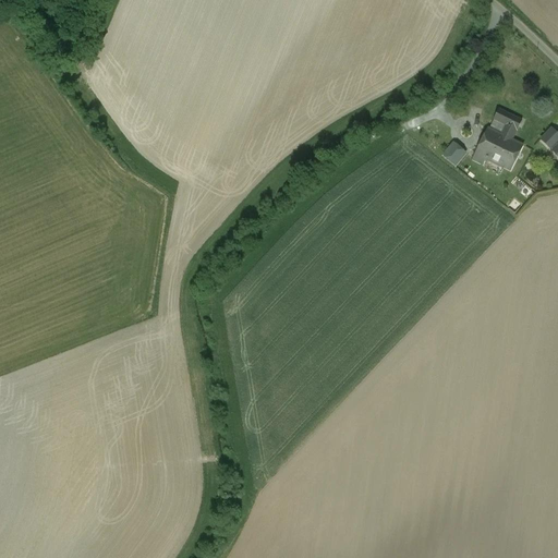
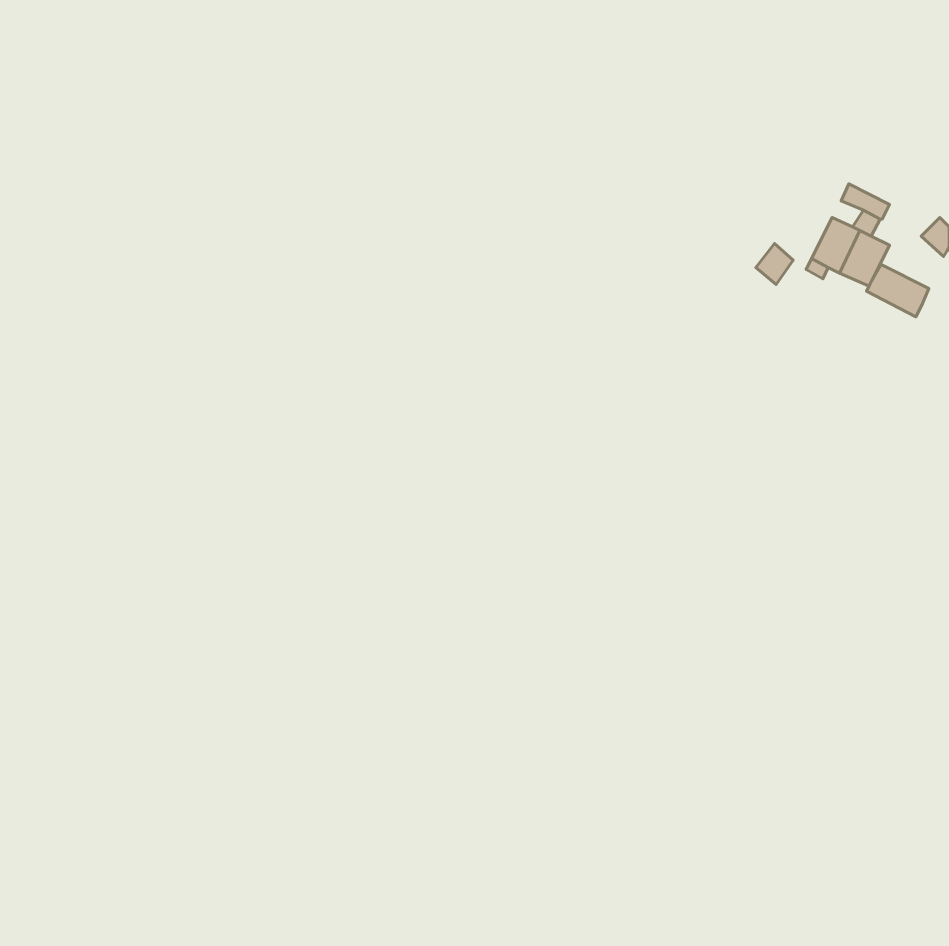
building: none -> [867,265,929,317]

